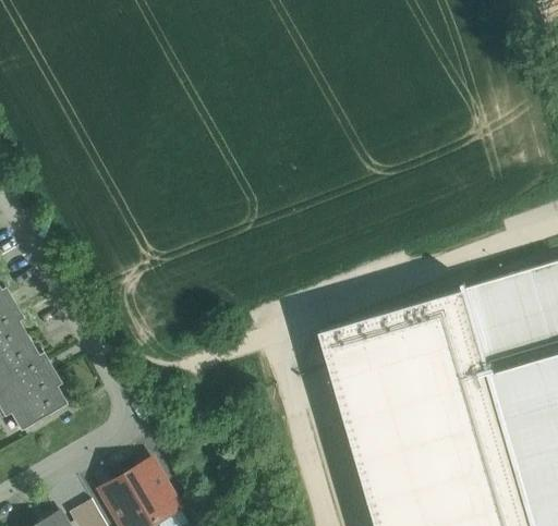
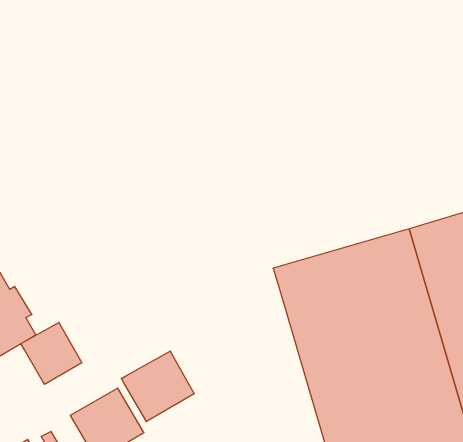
building: none -> [21,322,82,384]
building: none -> [121,351,194,422]

